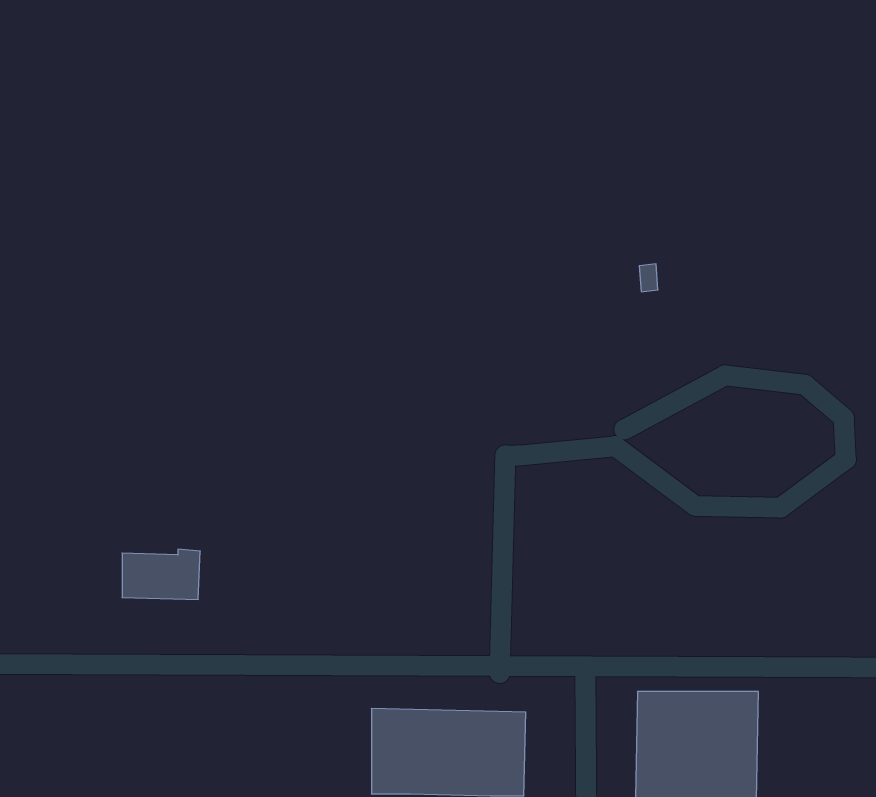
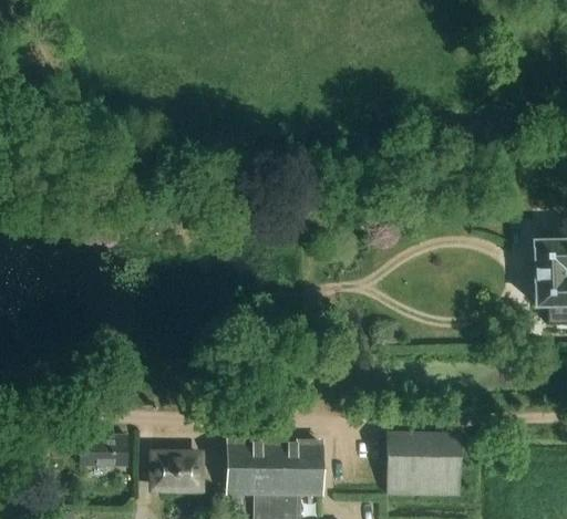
building: [122,549,200,599] -> [80,436,126,466]
building: none -> [155,455,202,488]

